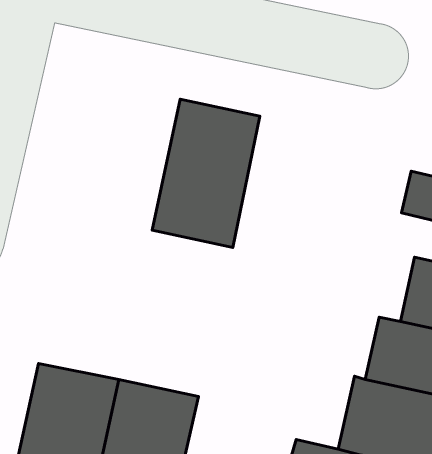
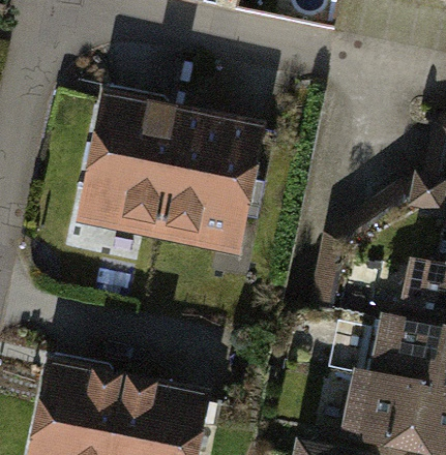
building: none -> [82,92,186,235]

